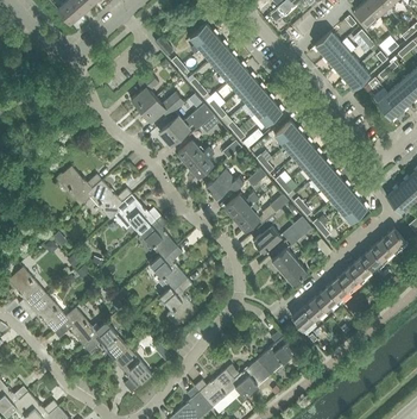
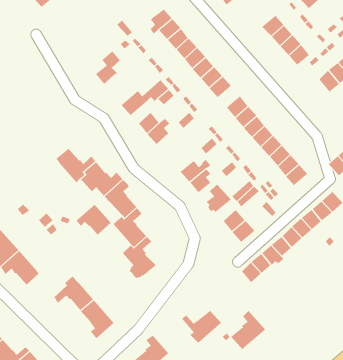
building: [140,92,184,121] -> none
building: [57,165,101,205] -> none
building: [206,169,244,199] -> none
building: none -> [76,204,111,236]
building: [55,307,99,345] -> none
building: [258,330,297,374] -> [230,310,266,350]
building: [195,369,241,407] -> none

